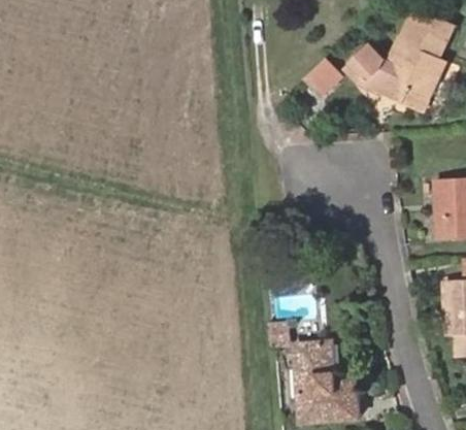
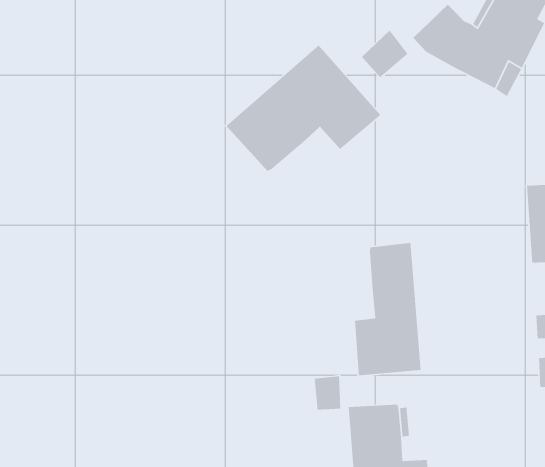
building: none -> [225,44,381,172]
building: none -> [354,242,421,376]

